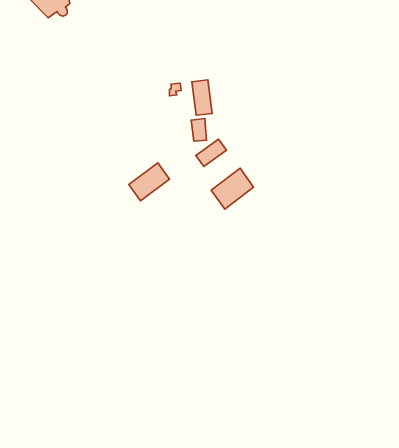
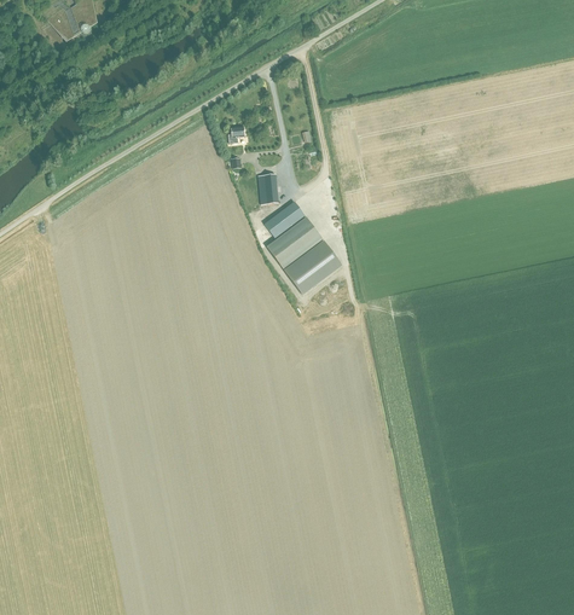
building: [192,80,212,115] -> none
building: [129,163,170,201] -> [267,216,321,267]

